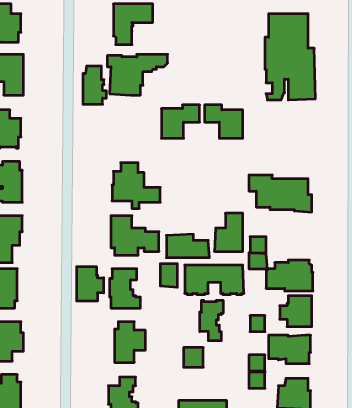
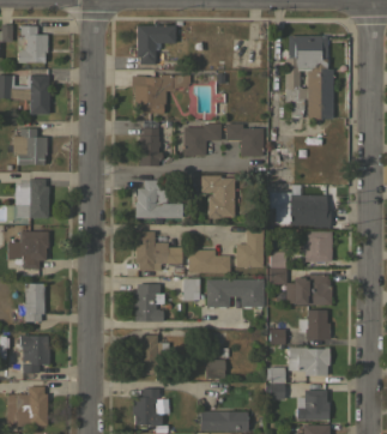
building: [83,66,106,104] -> [140,128,163,165]
building: none -> [201,175,235,218]
building: none -> [304,231,333,261]
building: [77,267,104,301] -> none
building: [200,300,223,341] -> none

